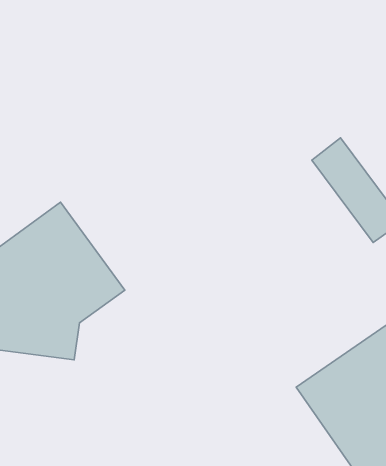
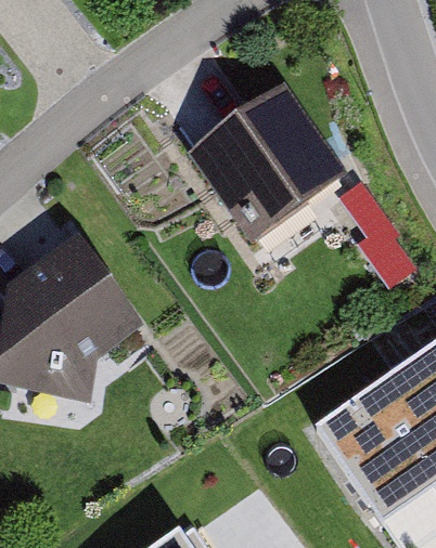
building: none -> [187,80,348,239]

